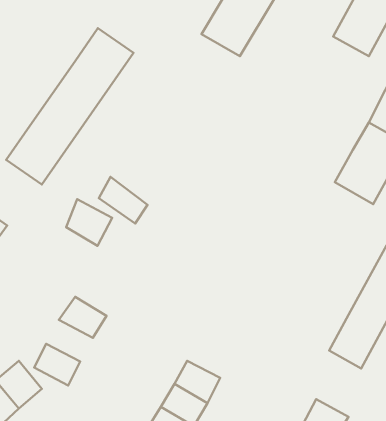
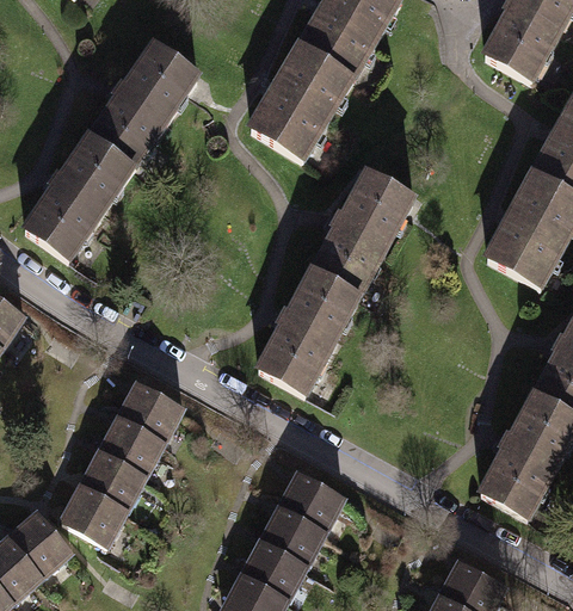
building: none -> [251,49,352,160]
building: none -> [253,173,411,395]
building: [99,177,148,224] -> none
building: [66,199,112,246] -> [121,378,185,444]
building: none -> [80,450,146,508]
building: none -> [278,470,346,531]

